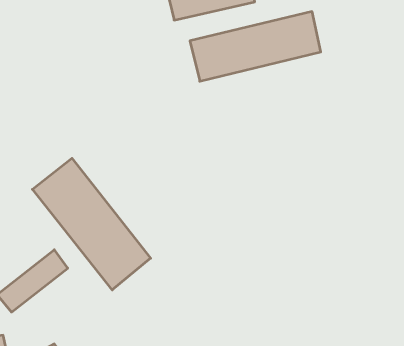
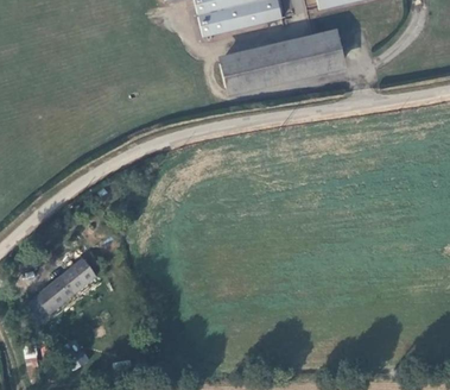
building: [32,158,151,290] -> none

